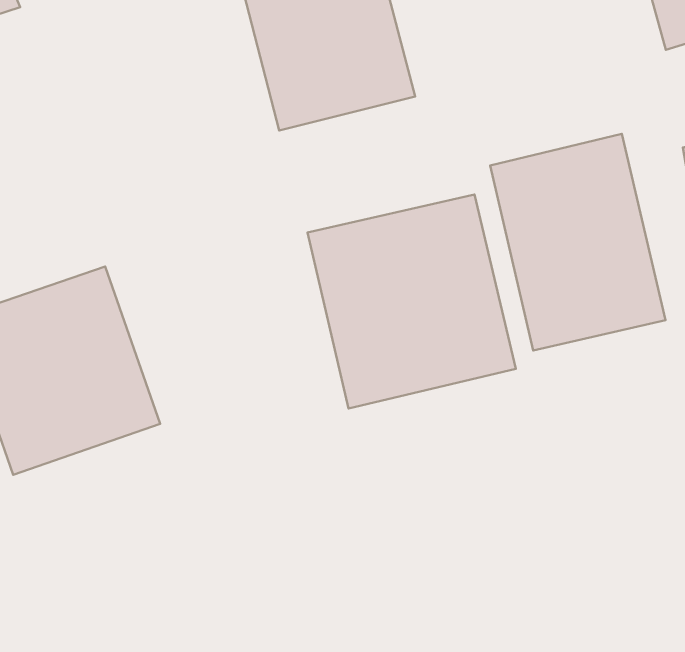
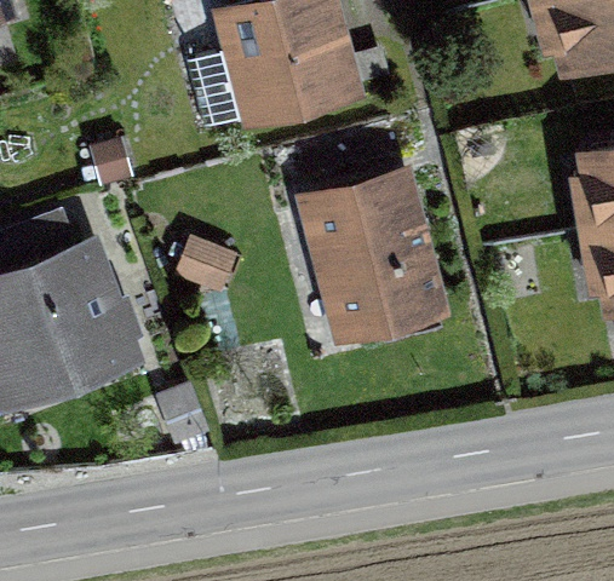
building: [490,134,665,351] -> none

